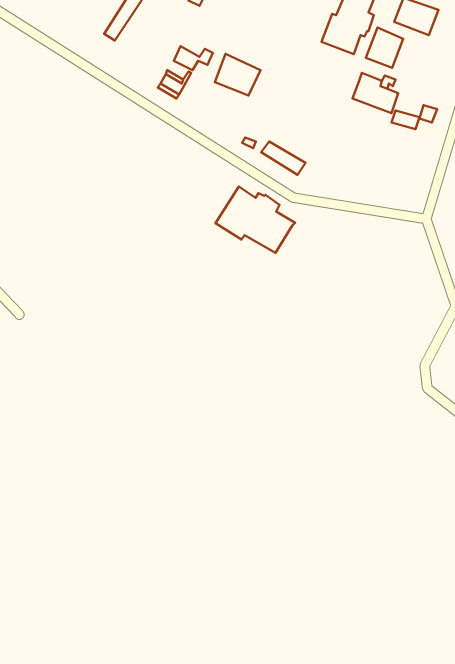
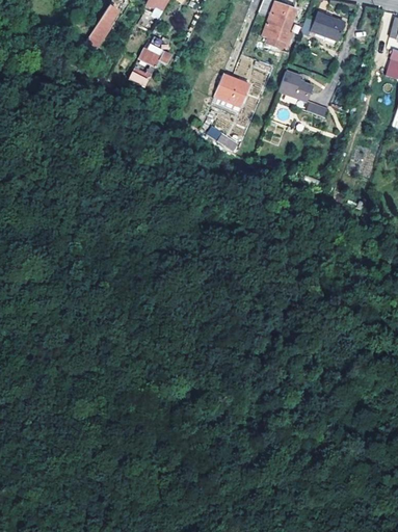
building: [366,27,403,68] -> none
building: [215,54,261,96] -> [216,71,251,103]
building: [215,186,295,253] -> none

